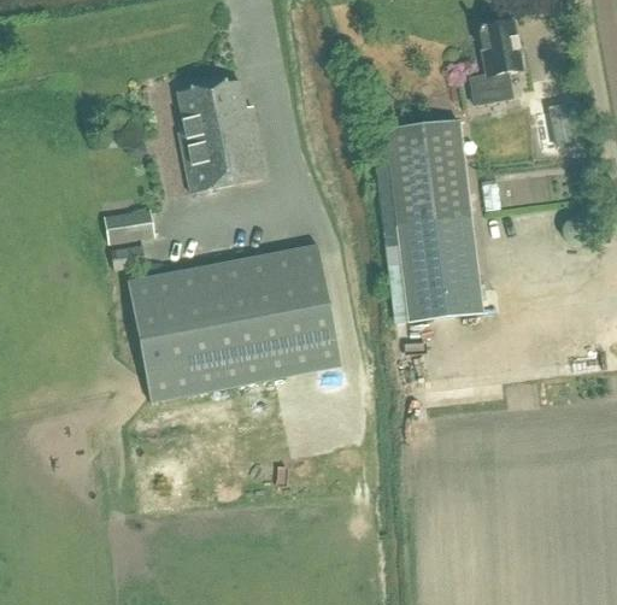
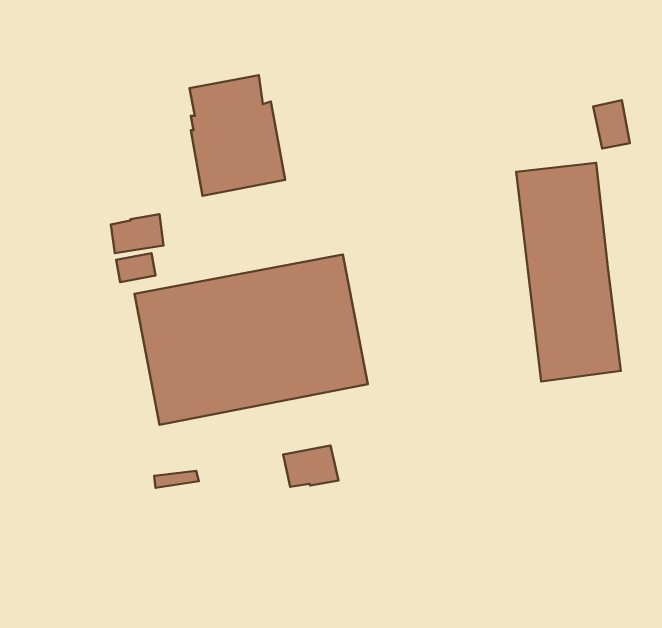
building: [468,22,522,104] -> none
building: [384,119,481,321] -> [516,163,621,381]
building: none -> [283,445,338,487]

